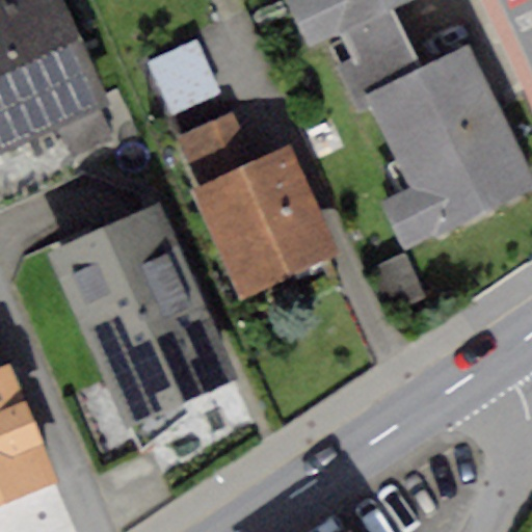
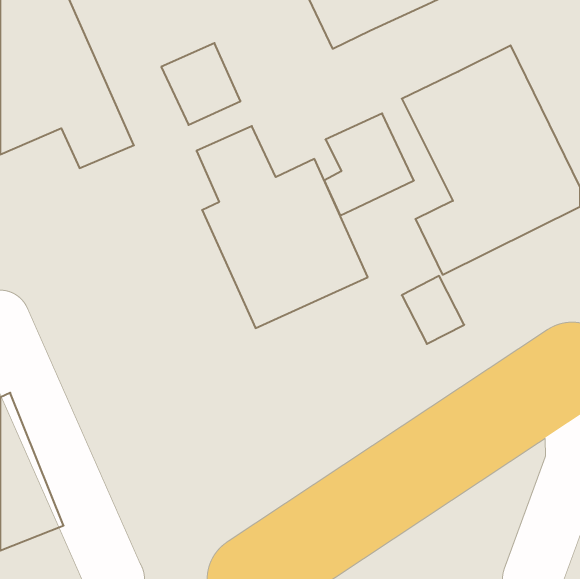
building: [338,4,420,98] -> [324,113,414,216]
building: [46,207,234,426] -> none

